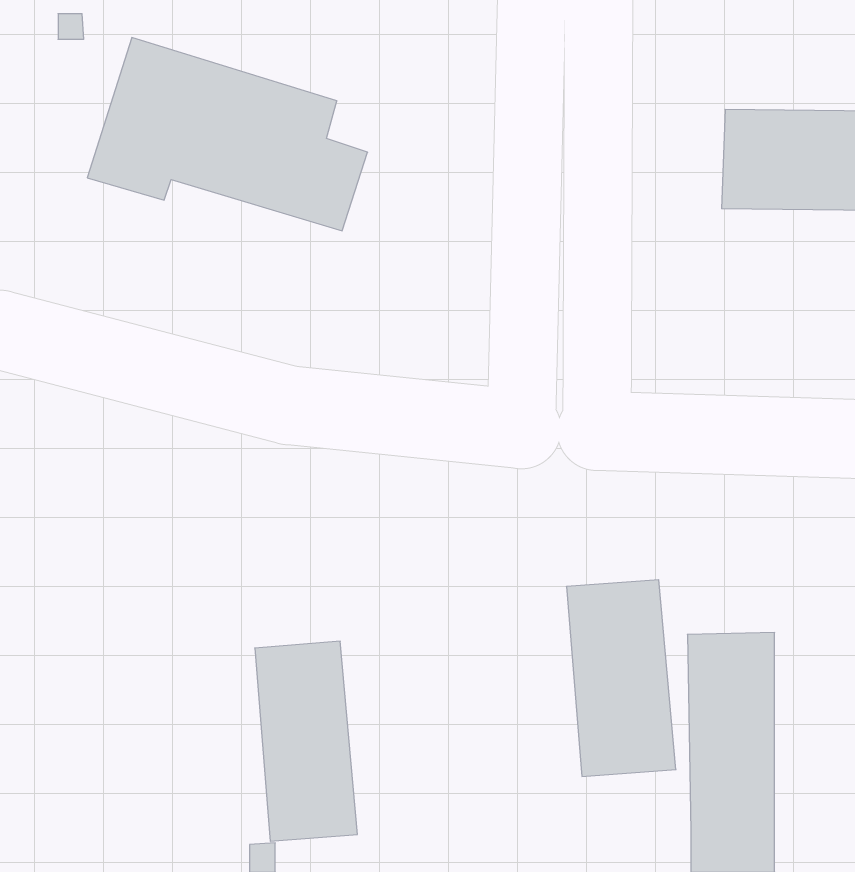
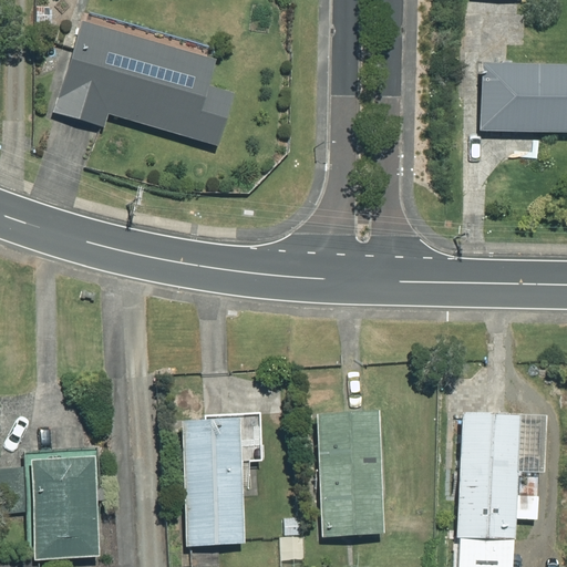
building: [566,580,676,776] -> [312,409,383,536]
building: none -> [48,454,115,556]

